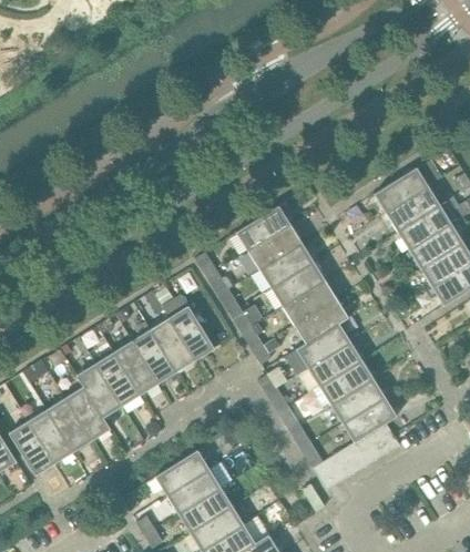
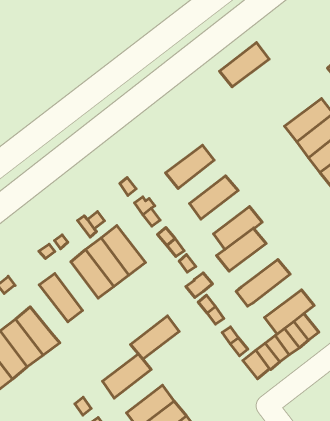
building: [372,166,429,213] -> [220,42,269,87]
building: [235,205,292,252] -> none
building: [259,243,314,288] -> none
building: [282,279,337,325] -> none
building: [113,340,159,396] -> none
building: [307,341,362,387] -> none
building: [75,362,122,418] -> none
building: [330,378,386,423] -> none
building: [165,469,221,514] -> [131,316,179,359]

